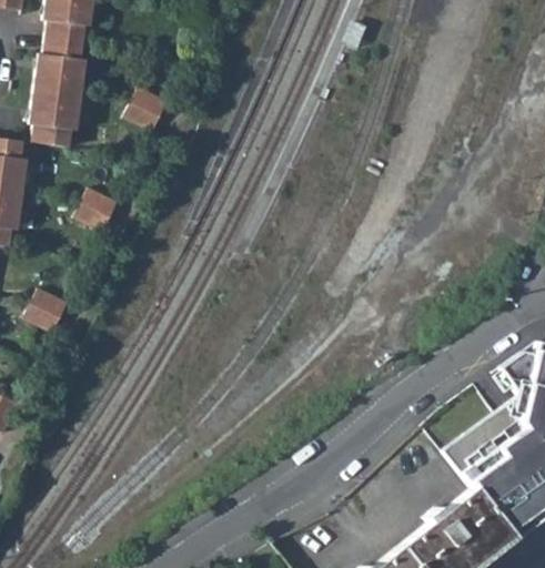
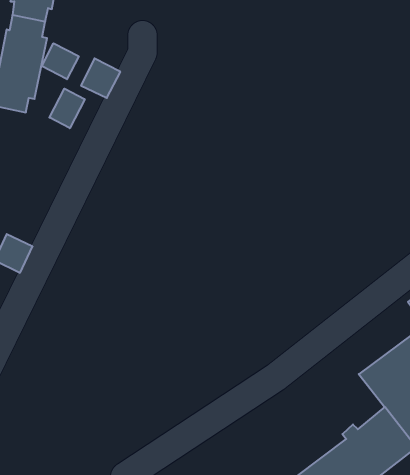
building: none -> [42,43,79,79]
building: none -> [49,89,85,128]
building: [74,189,119,233] -> none

